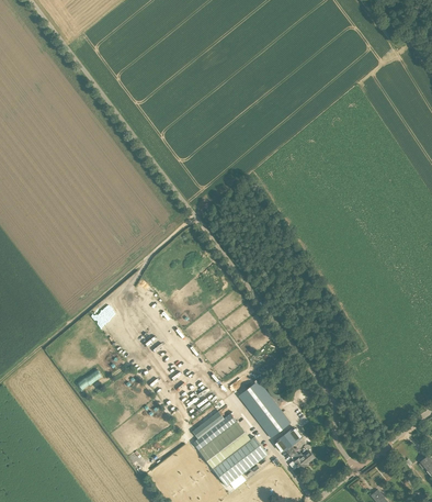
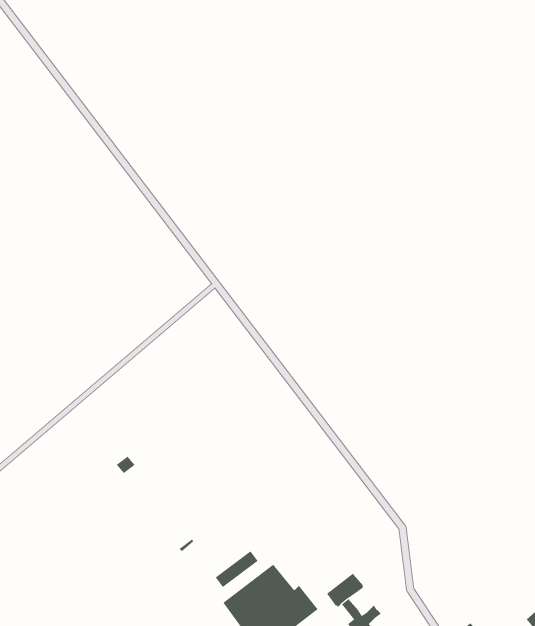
building: [239,382,291,438] -> none

